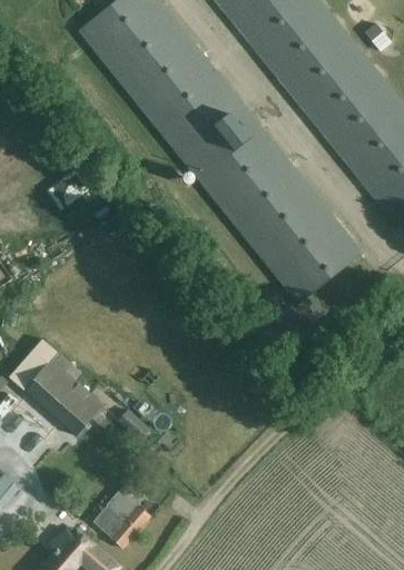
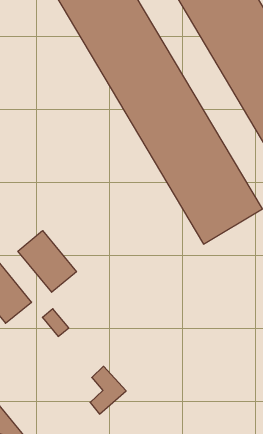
building: none -> [18,231,76,292]
building: [107,488,150,546] -> [90,366,126,414]

